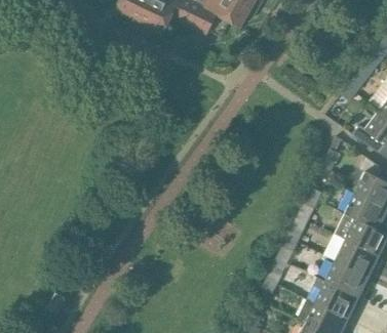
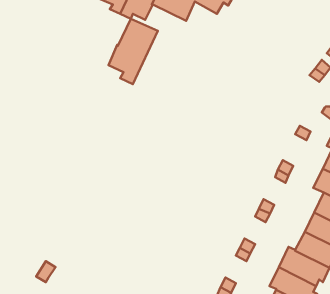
building: none -> [108,19,158,84]

